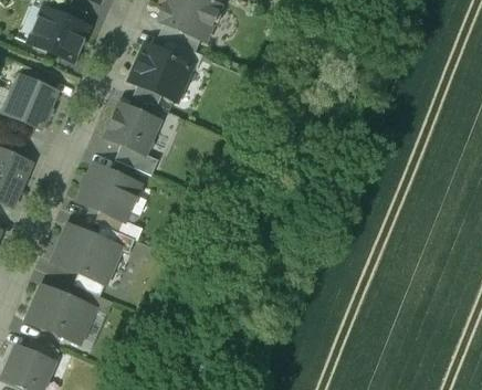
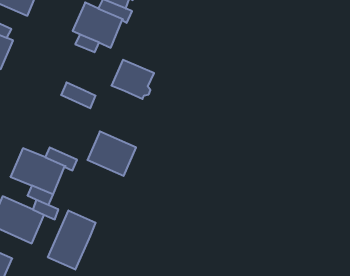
building: [105,105,158,154] -> [111,60,154,99]
building: [78,166,139,221] -> [87,131,136,176]
building: none -> [48,210,96,270]

